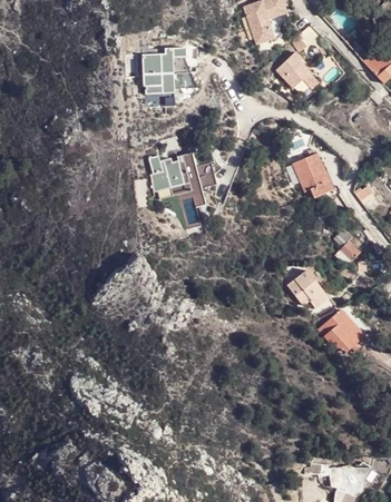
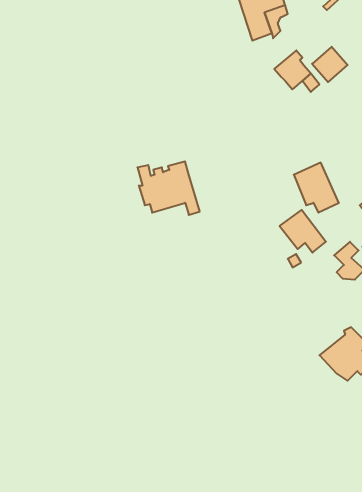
building: [139,40,192,102] -> none
building: [285,272,328,311] -> [280,210,326,253]

